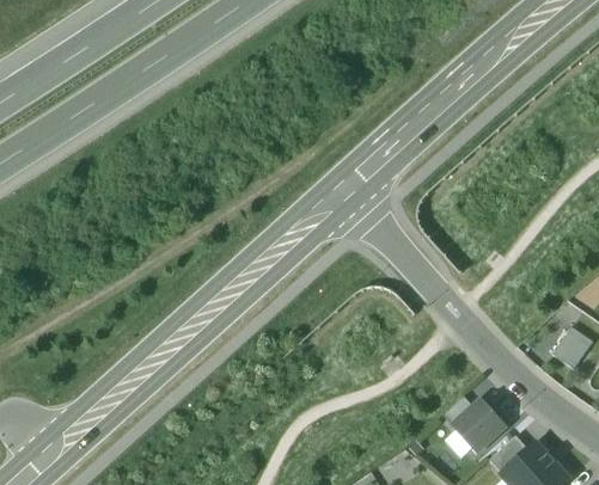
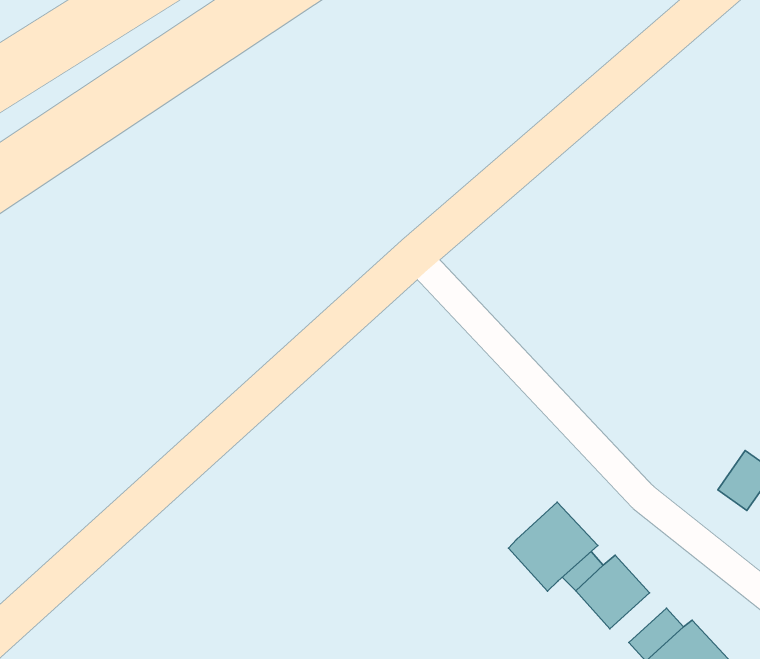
building: none -> [508,502,598,591]

